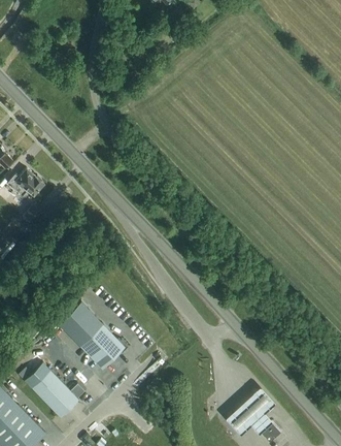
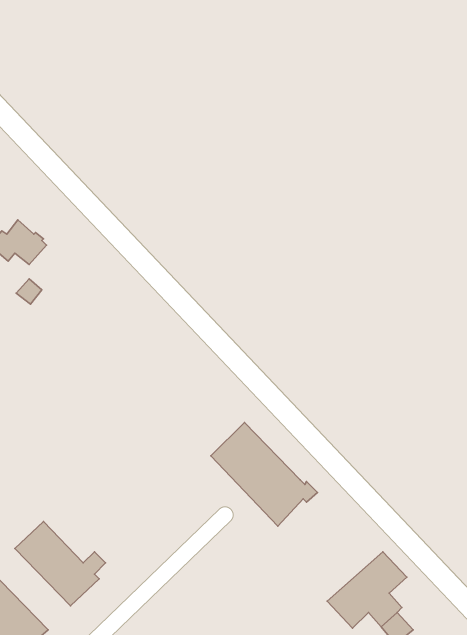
building: [59,301,128,369] -> [211,422,318,526]

